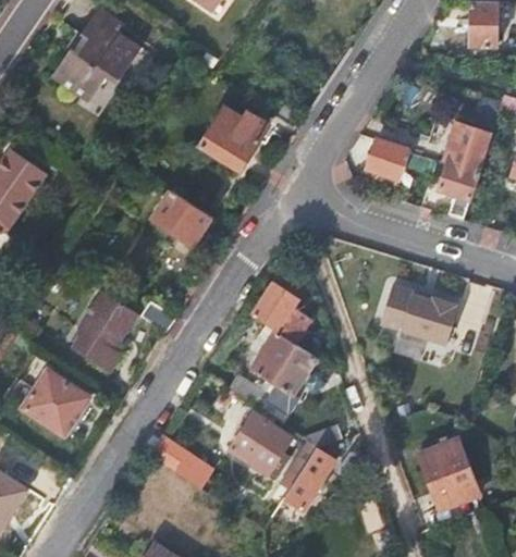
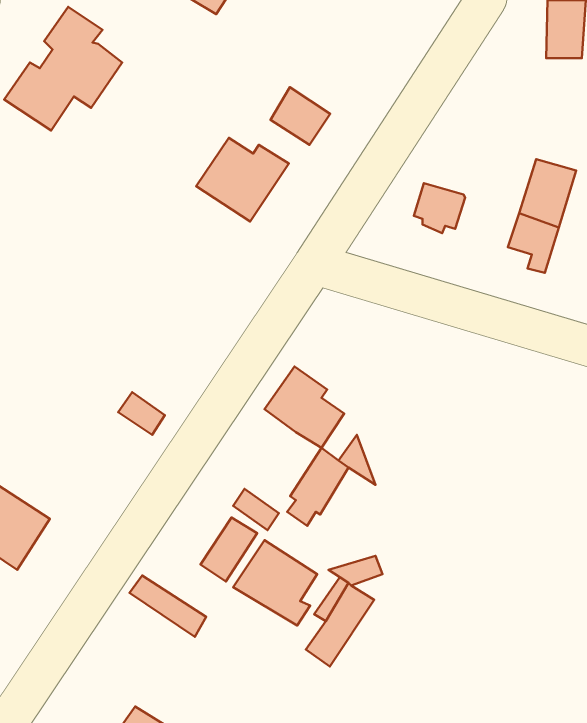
building: none -> [270,87,330,145]
building: [152,190,210,245] -> none
building: [380,284,458,345] -> none
building: [70,292,135,374] -> none
building: [251,332,295,381] -> [200,518,257,581]
building: [417,441,478,511] -> none

